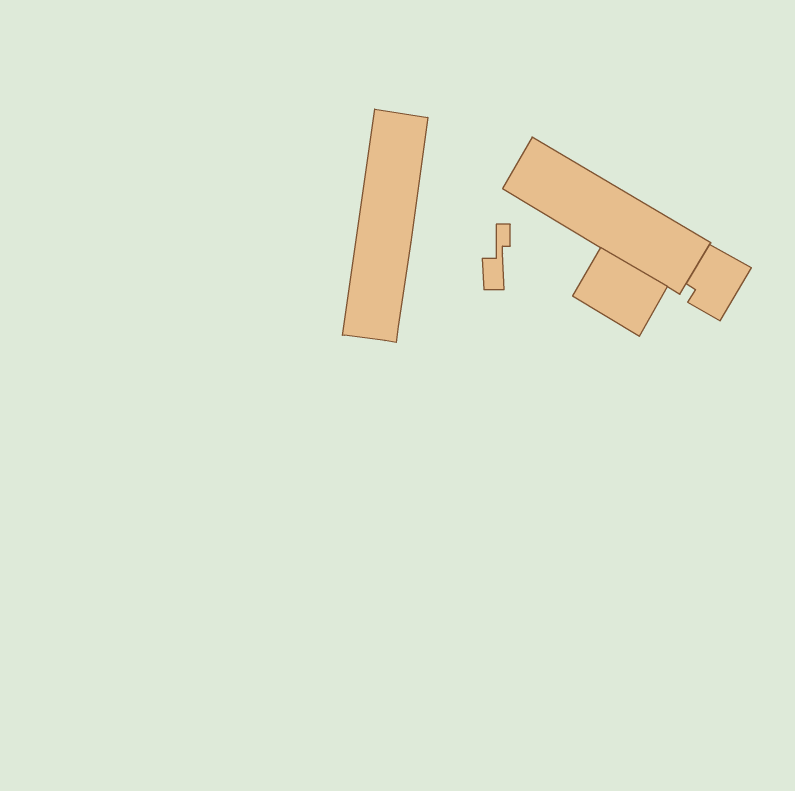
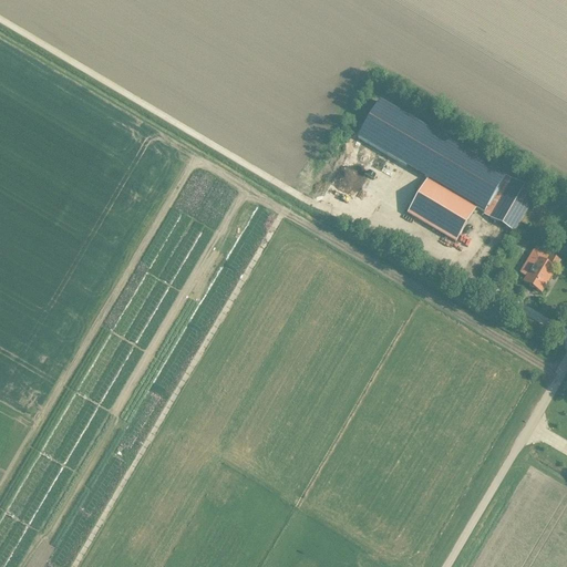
building: [343,109,428,342] -> none
building: none -> [523,256,555,289]

